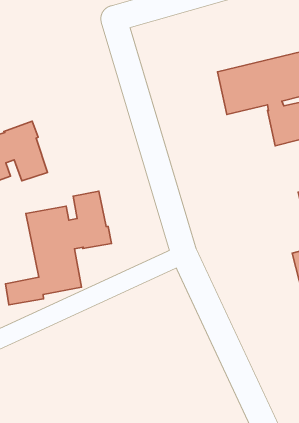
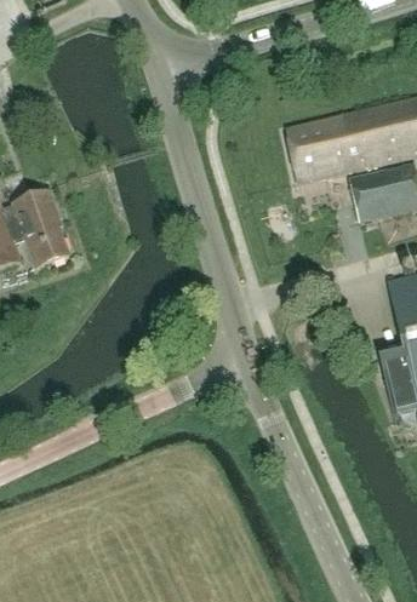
building: [5,191,112,305] -> none

